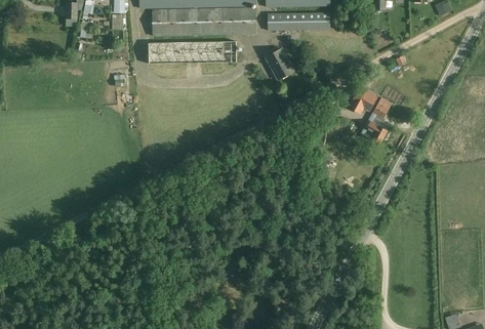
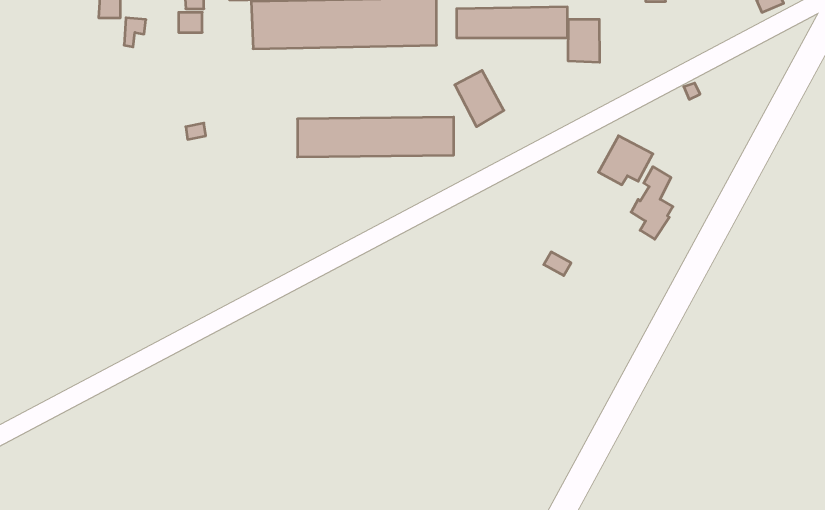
building: none -> [568,19,600,62]
building: [148,41,236,64] -> [297,117,454,157]

